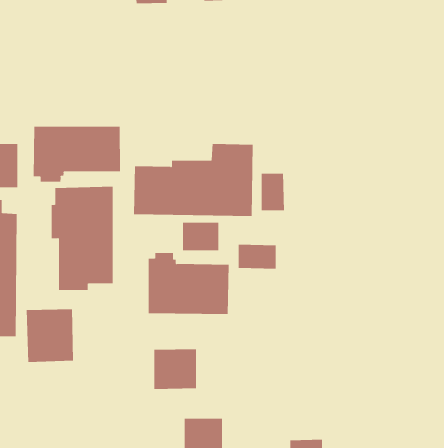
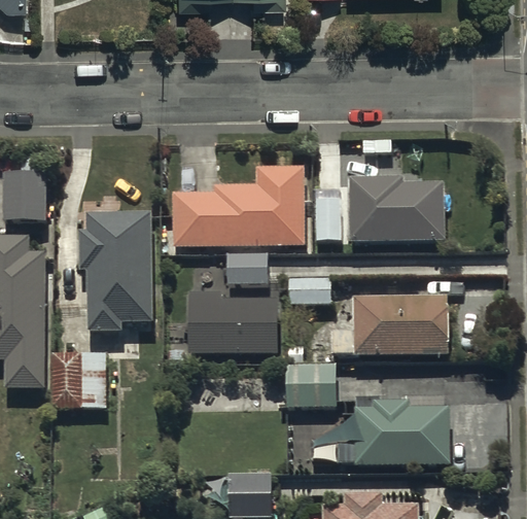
building: [33,126,121,183] -> none
building: none -> [348,176,447,242]
building: none -> [332,296,449,357]
building: [153,349,197,389] -> [286,361,335,407]
building: none -> [312,400,452,465]

